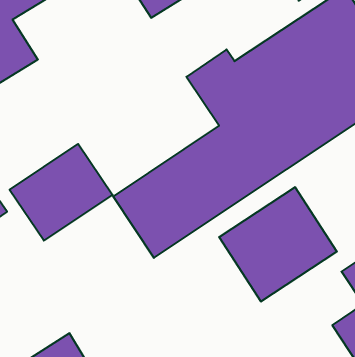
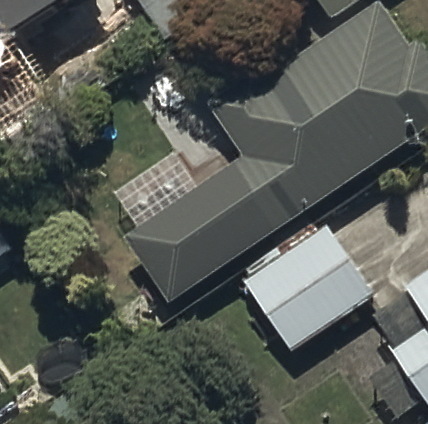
building: [10,144,113,241] -> none

